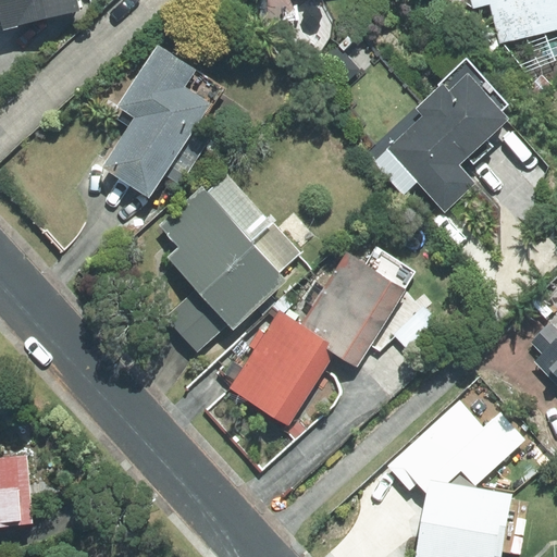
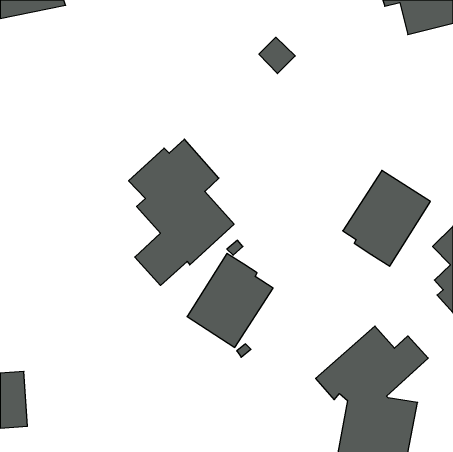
building: [101,44,210,196] -> none
building: [387,59,510,212] -> none
building: [299,251,407,369] -> [343,170,430,266]

